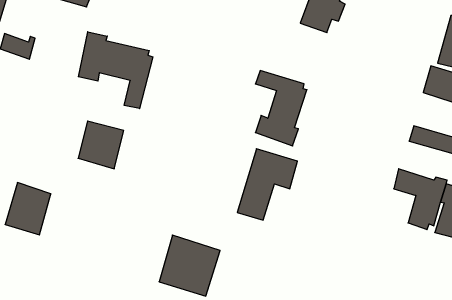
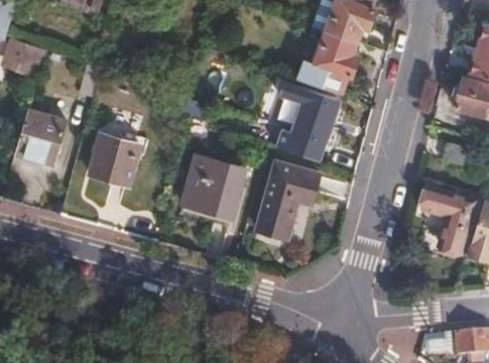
building: none -> [298,32,356,95]
building: [78,32,153,109] -> none
building: [5,183,51,235] -> [15,110,64,165]
building: [159,235,220,296] -> [184,155,248,220]

